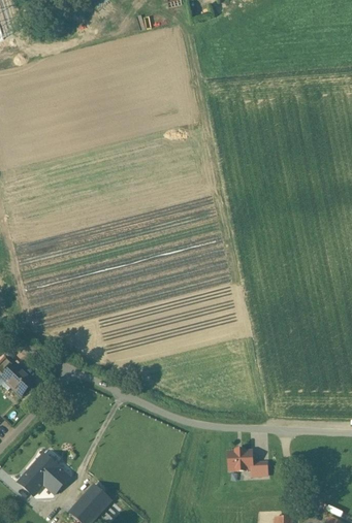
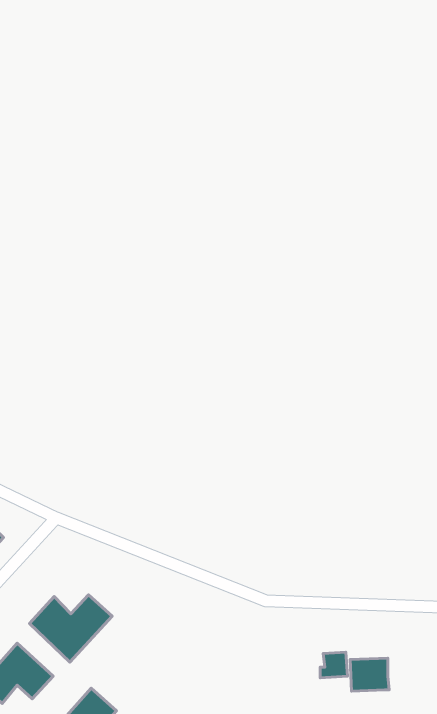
building: none -> [29,595,112,662]
building: [227,449,254,471] -> [350,658,389,691]

